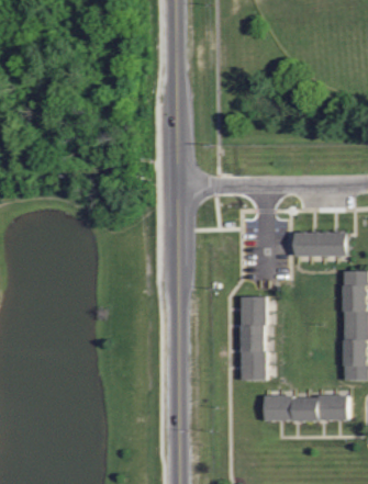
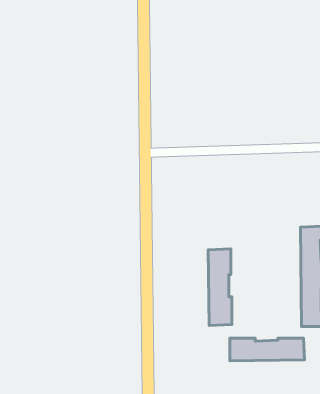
building: [290,234,343,257] -> none

